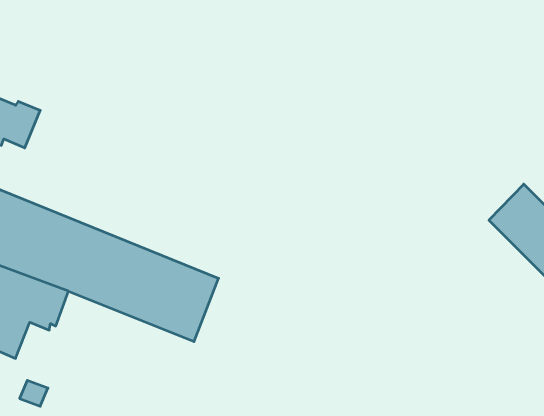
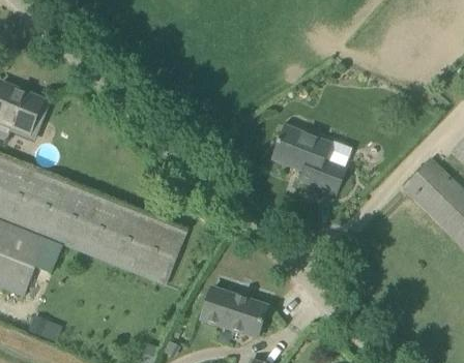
building: none -> [271,125,348,195]
building: none -> [202,288,267,338]

